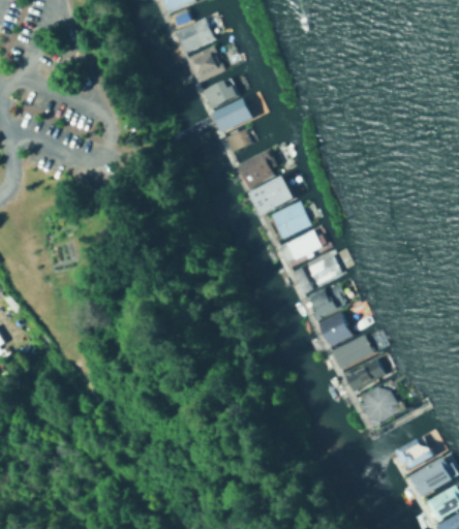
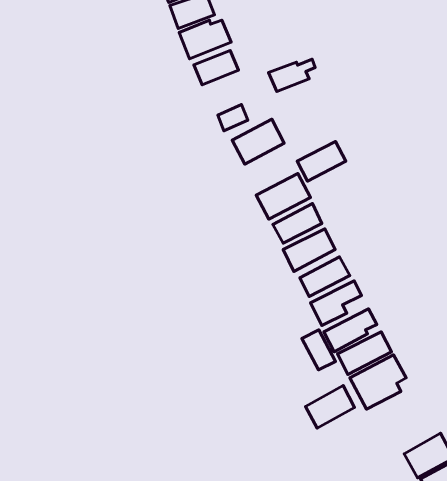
building: [210,97,256,129] -> [268,59,315,91]
building: [247,173,296,212] -> [297,141,346,181]
building: none -> [302,330,335,370]
building: [392,432,440,474] -> [306,385,355,428]

